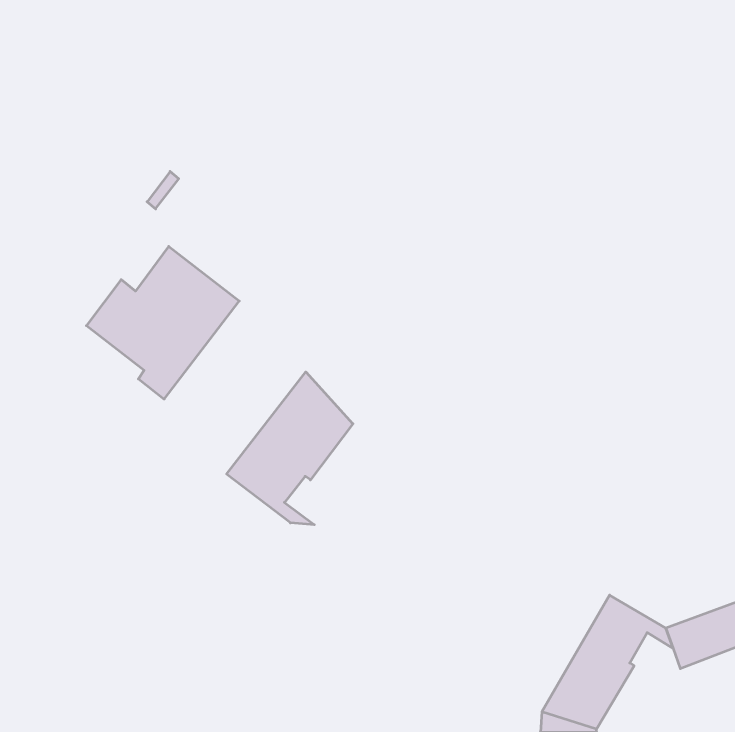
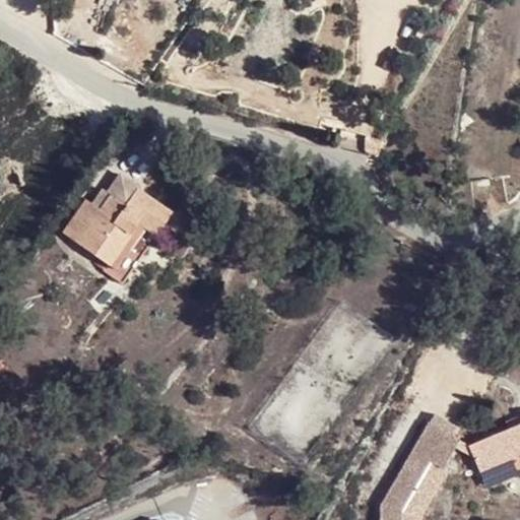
building: [227,372,353,525] -> none

